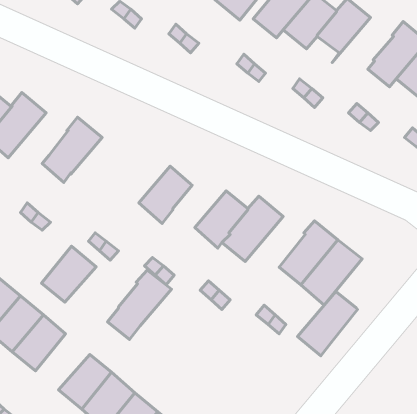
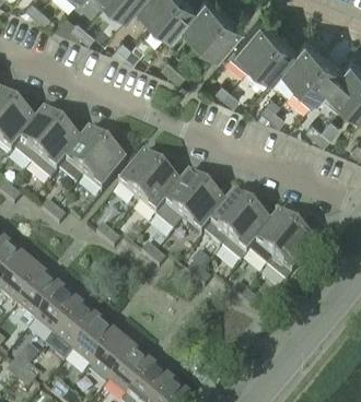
building: none -> [292,51,341,103]
building: none -> [32,128,80,179]
building: none -> [82,147,126,192]
building: none -> [118,155,162,200]
building: [42,246,96,302] -> [54,305,97,350]
building: [108,270,172,340] -> [155,175,207,230]
building: [298,292,358,356] -> [222,211,270,262]

